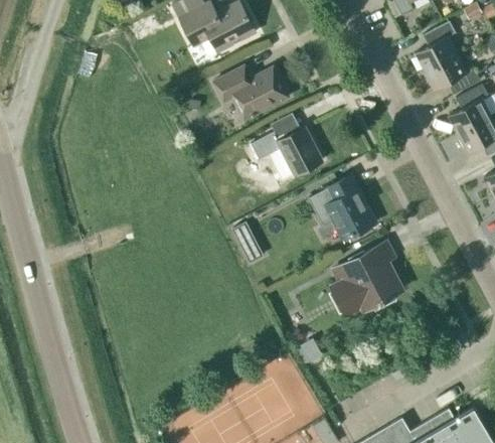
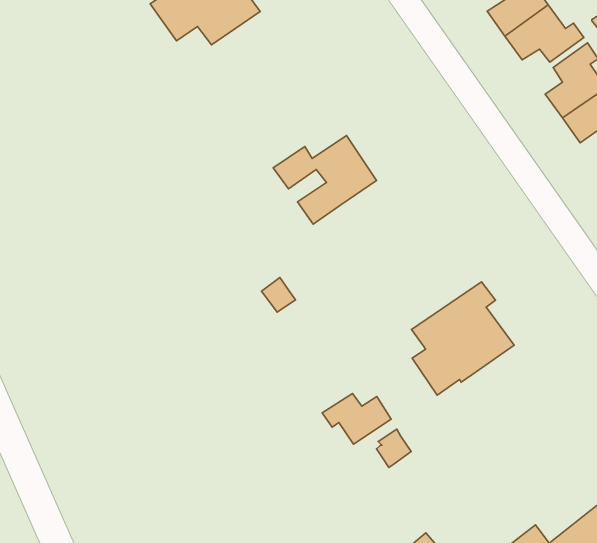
building: [212,64,289,120] -> none
building: [309,175,375,238] -> none
building: none -> [322,393,391,444]

